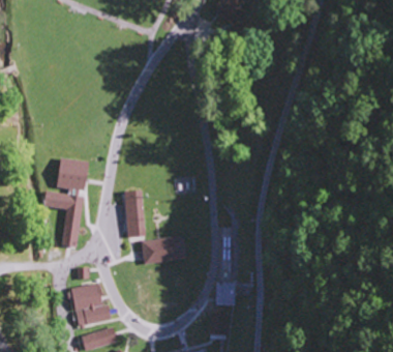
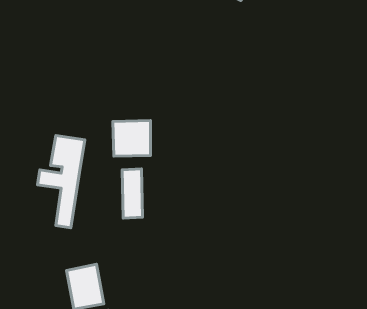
building: none -> [113,121,150,156]
building: [142,237,186,264] -> none

